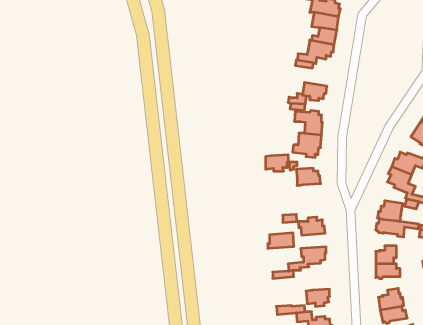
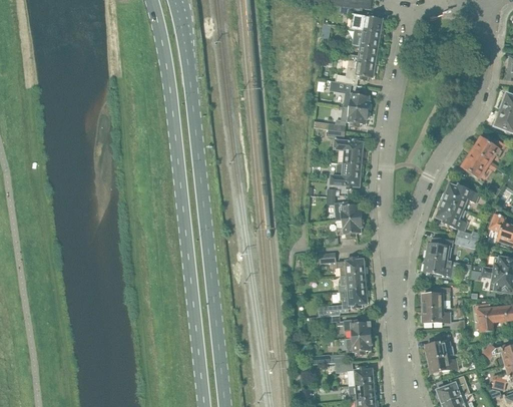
building: none -> [344,90,371,110]
building: [266,155,289,171] -> [337,219,363,237]
building: [268,233,294,248] -> [339,274,368,291]
building: none -> [344,319,372,337]

